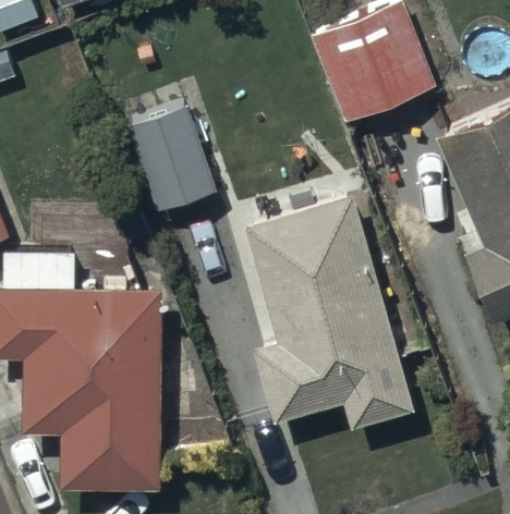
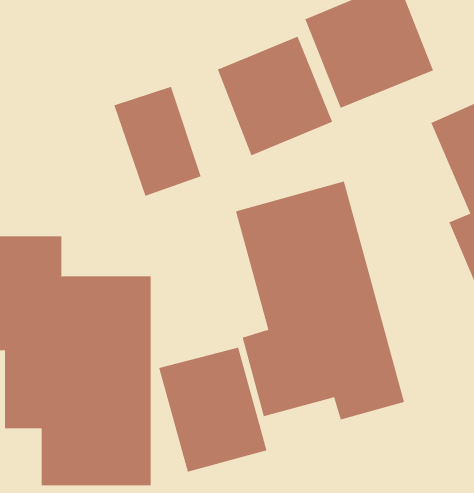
building: none -> [217,36,333,156]
building: none -> [158,347,267,472]

